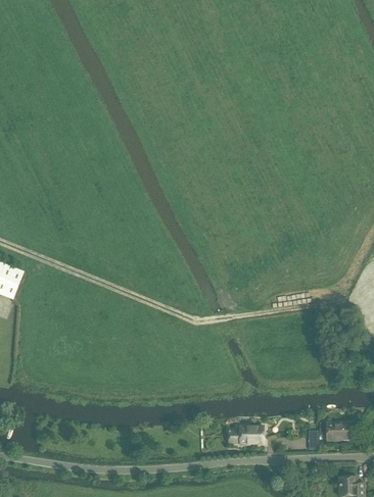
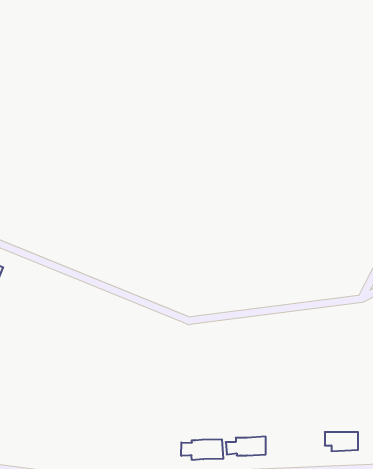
building: none -> [181,439,223,460]

